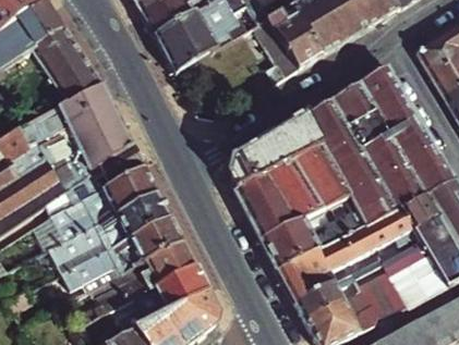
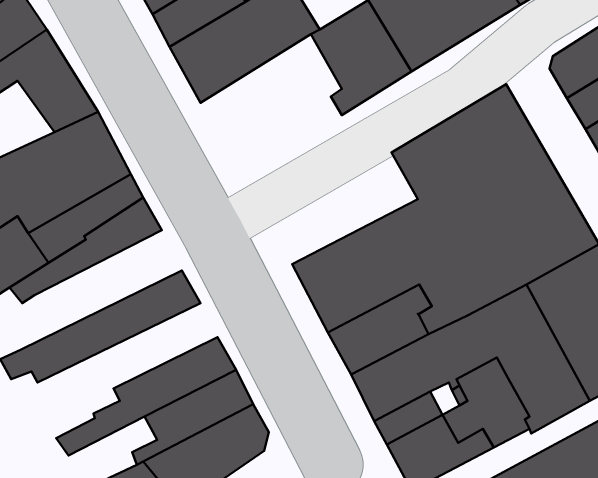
building: [227,111,326,189] -> none
building: [44,165,160,249] -> none
building: [59,217,185,296] -> none

